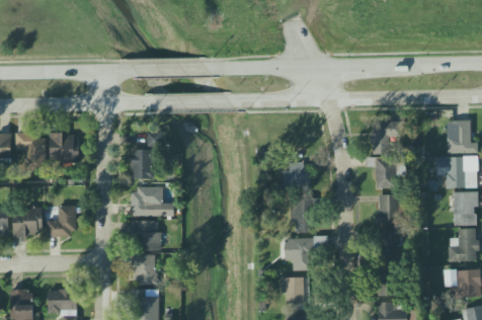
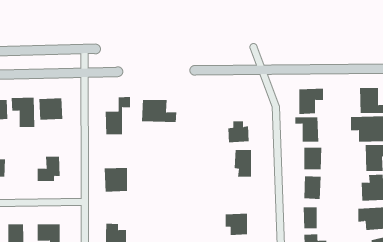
building: [131,188,175,217] -> [141,100,177,122]
building: [13,208,43,235] -> none
building: [285,238,314,270] -> none
building: [134,254,157,285] -> none

